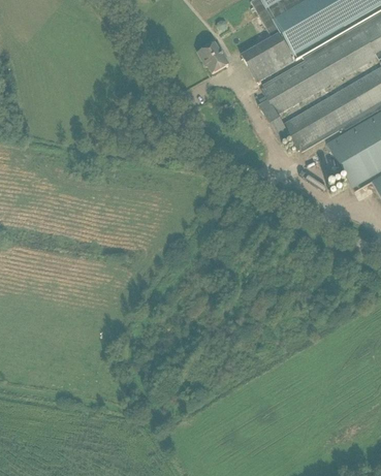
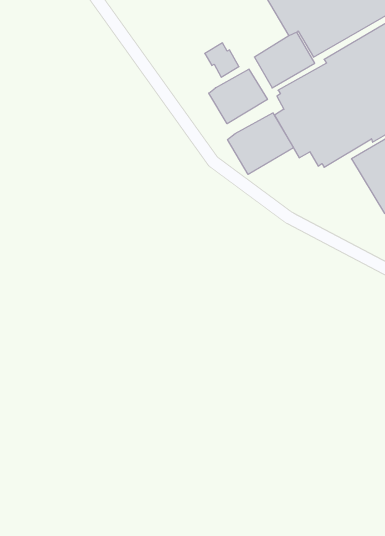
building: none -> [209,69,267,124]
building: none -> [228,113,294,174]

